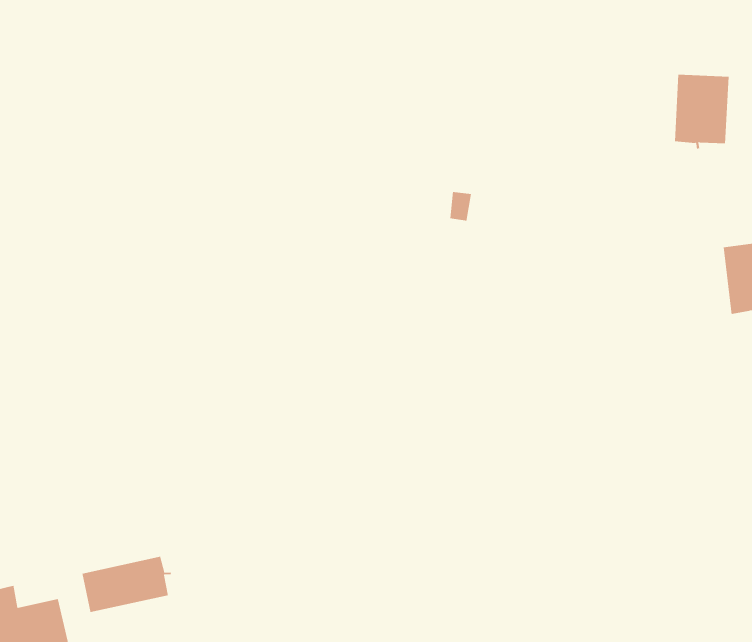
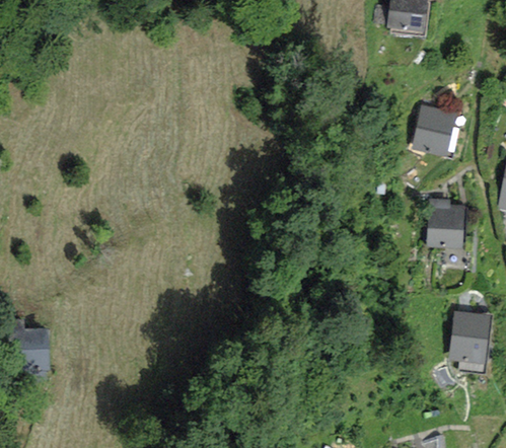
building: [82,556,172,613] -> none

